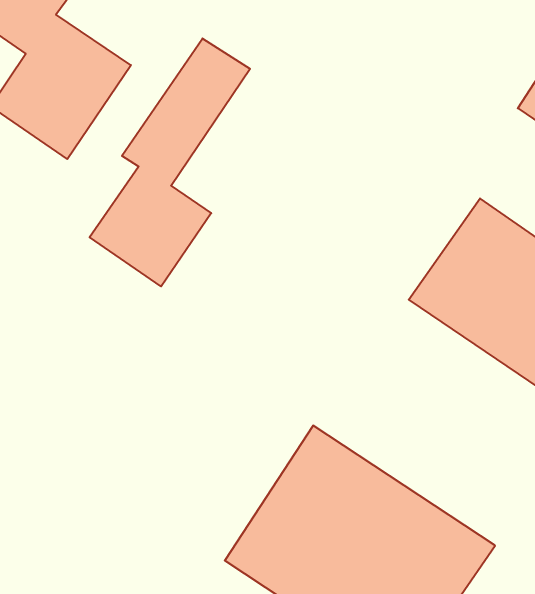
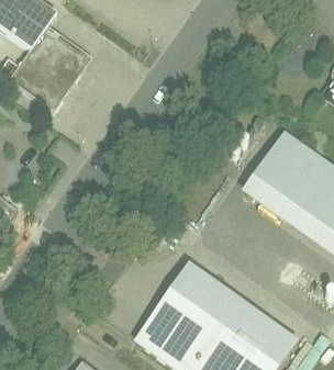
building: [90,38,250,286] -> none

